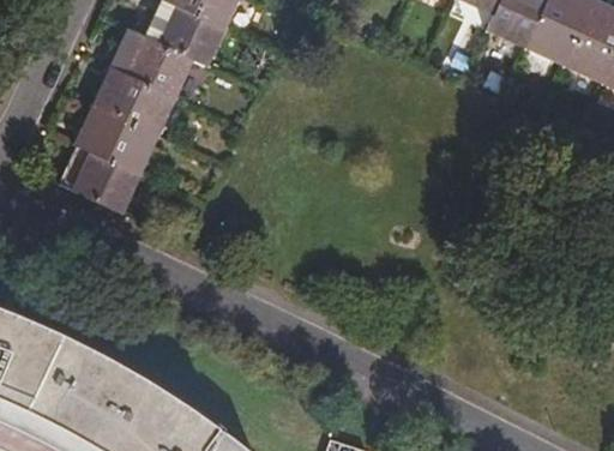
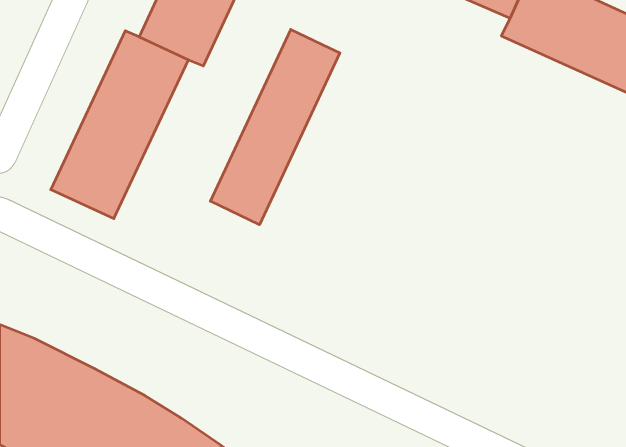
building: none -> [210,29,340,225]

